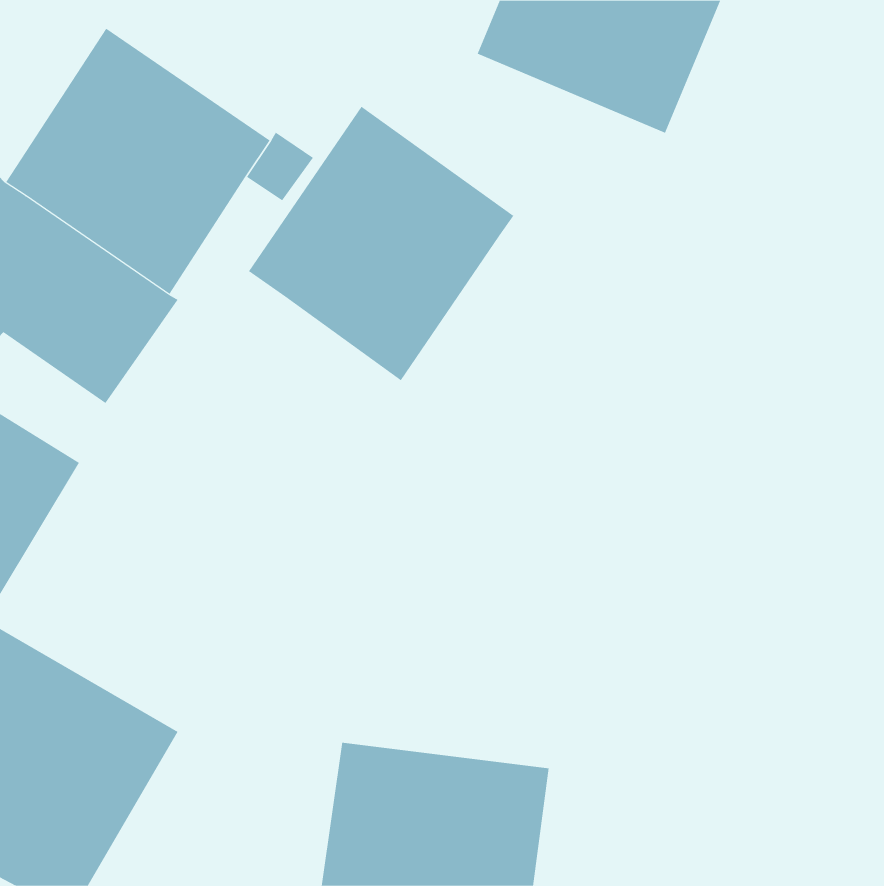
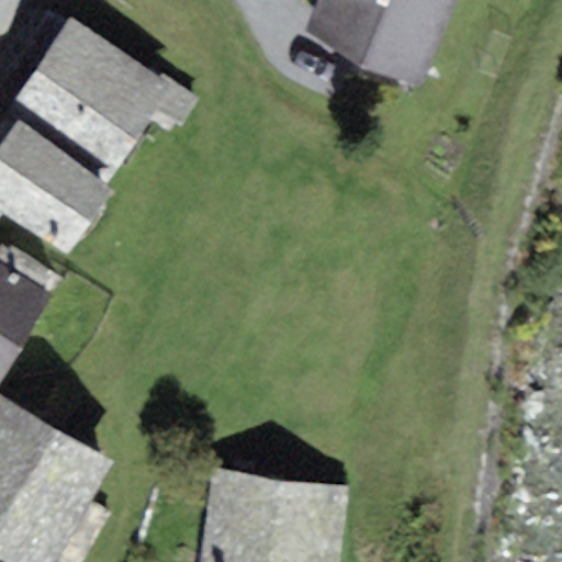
building: [248,106,514,381] -> none

